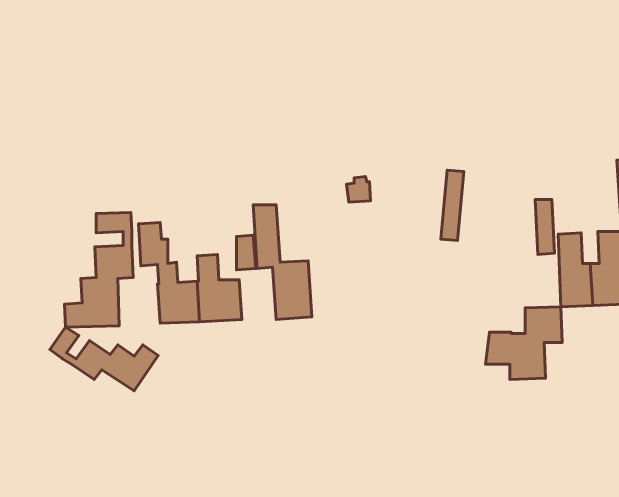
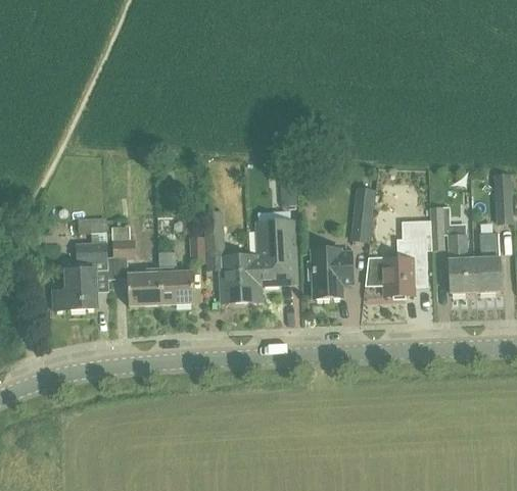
building: none -> [247,218,295,300]
building: none -> [308,247,353,297]
building: [486,307,562,379] -> [365,237,426,295]
building: [50,327,158,391] -> none

